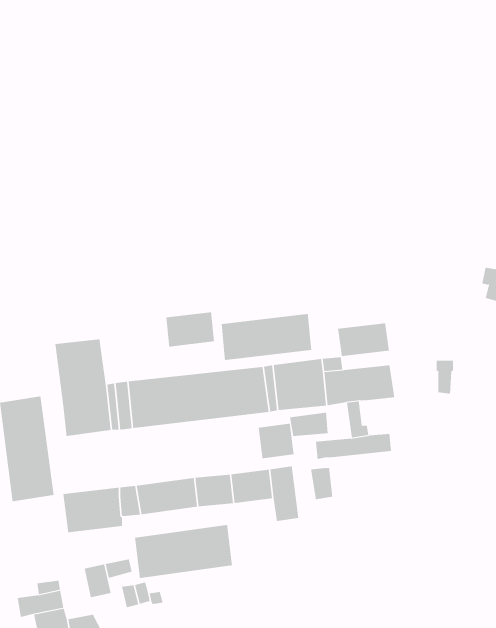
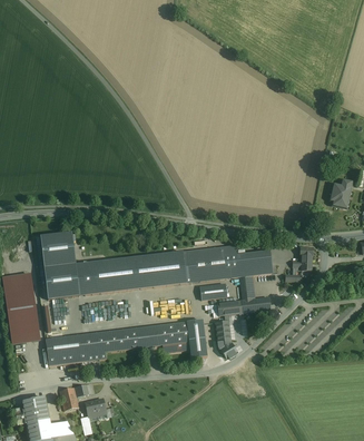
building: [166,311,214,347] -> none
building: [221,313,312,361] -> none
building: [338,323,389,357] -> none
building: [258,423,294,459] -> none
building: [134,524,232,579] -> none

